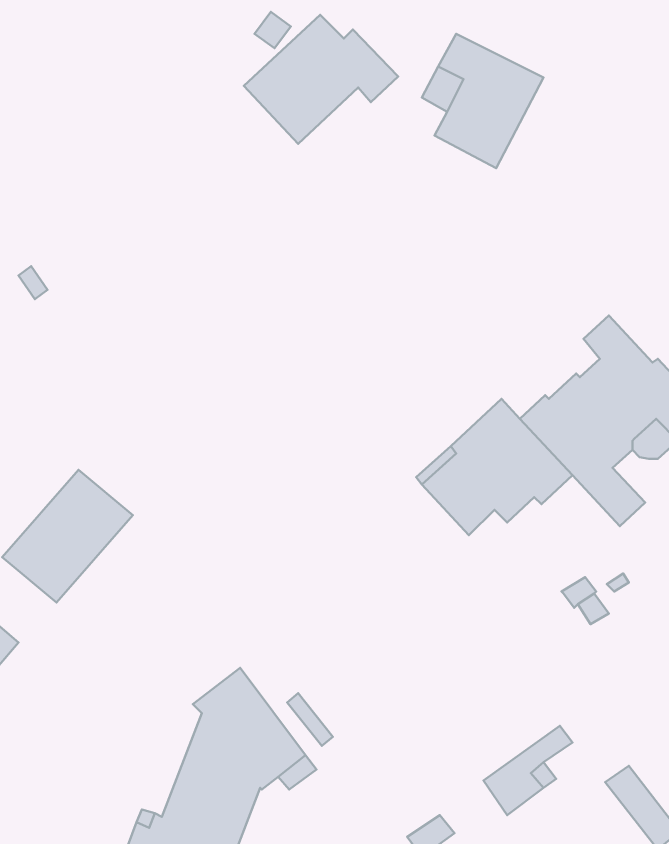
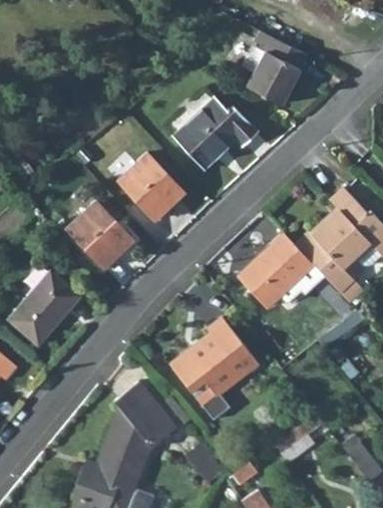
building: [244,15,398,144] -> [172,98,258,170]
building: none -> [117,153,183,221]
building: none -> [66,200,133,268]
building: none -> [169,317,258,421]

